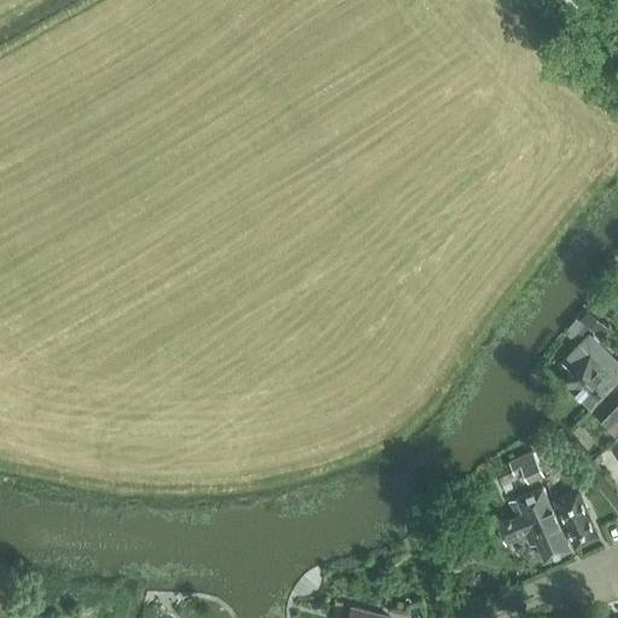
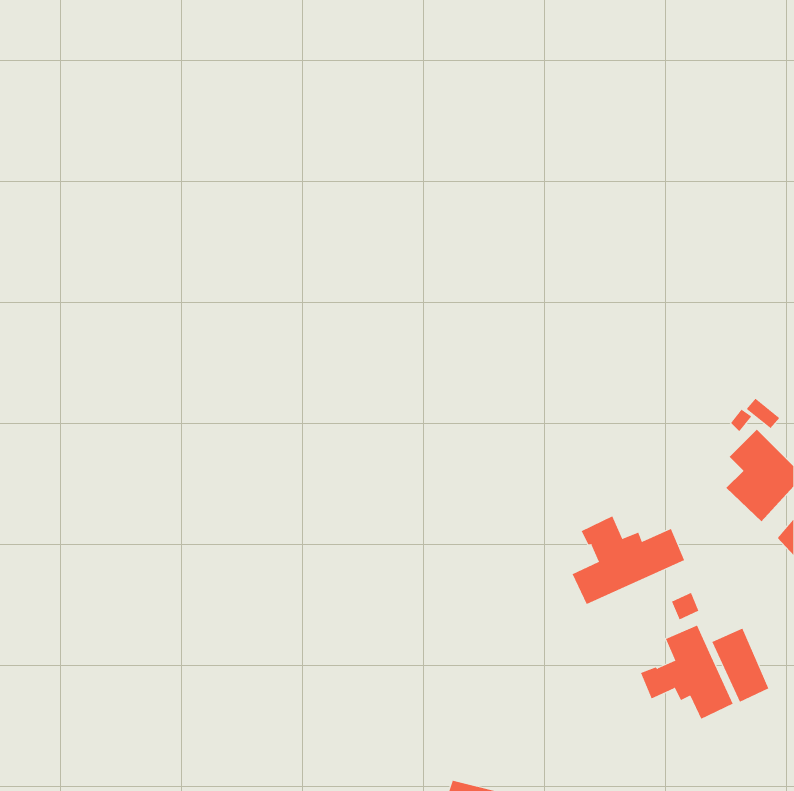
building: none -> [572,515,685,605]

